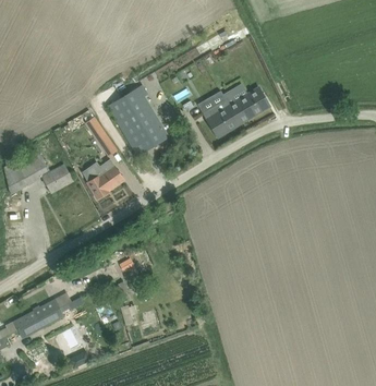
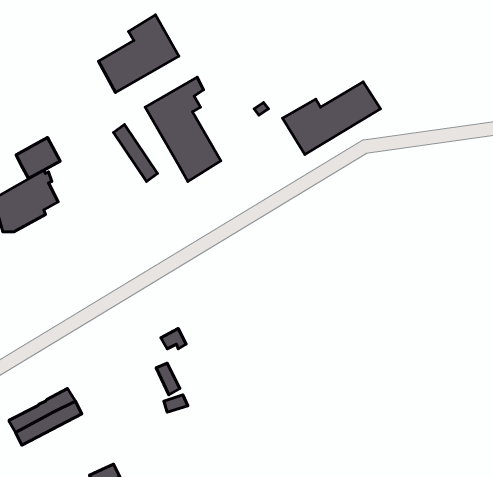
building: none -> [98,15,179,92]
building: [82,159,124,198] -> none
building: [43,165,73,193] -> [16,138,60,179]

